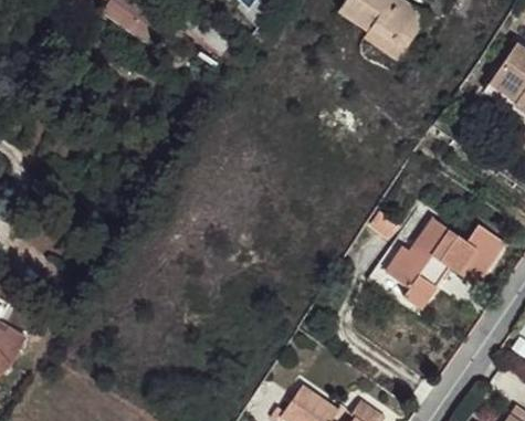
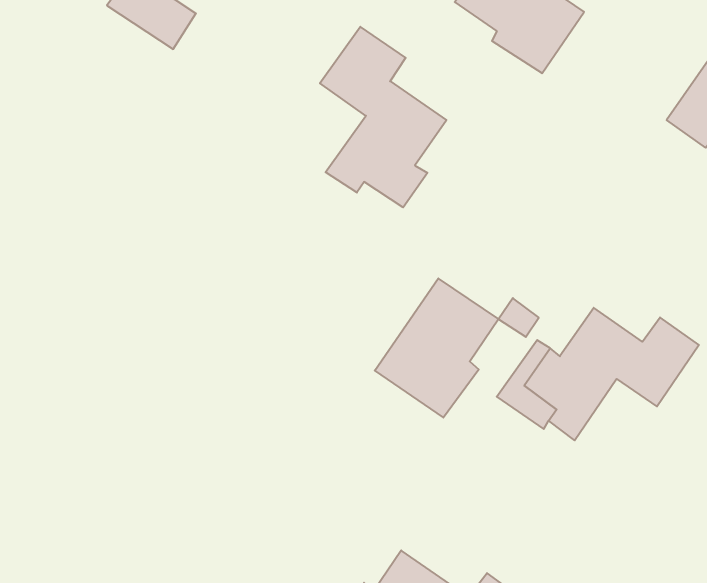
building: none -> [320,27,446,207]
building: none -> [375,278,498,418]

